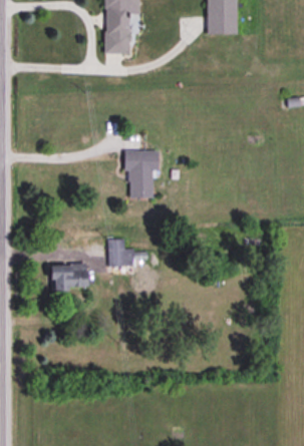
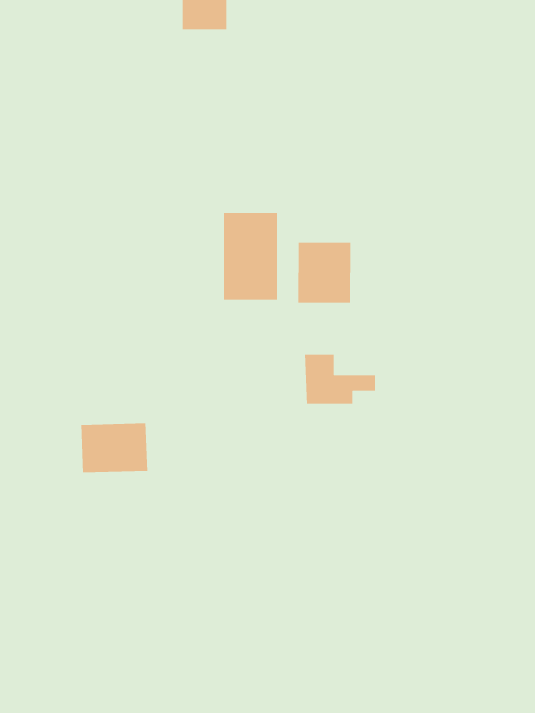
building: none -> [297,242,351,304]
building: [109,240,147,267] -> [304,354,376,405]

